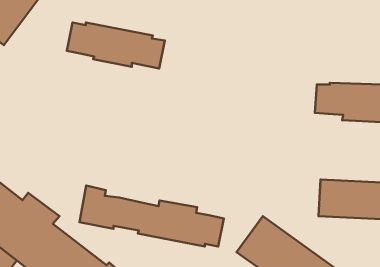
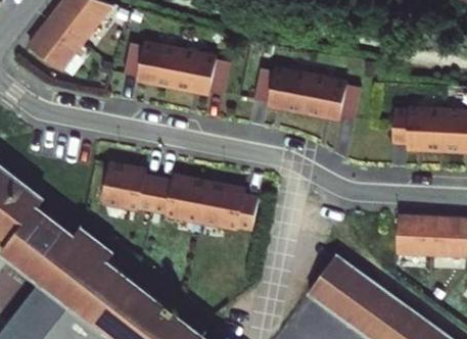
building: none -> [253,69,360,119]
building: [79,185,224,247] -> [101,163,258,230]

